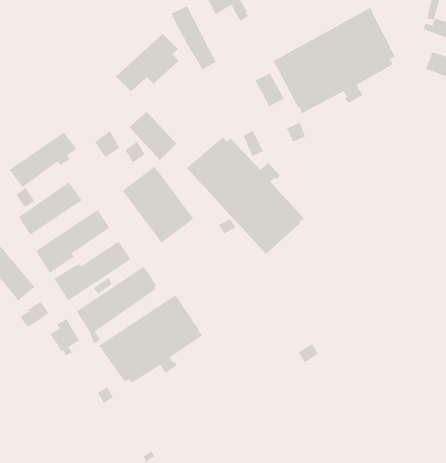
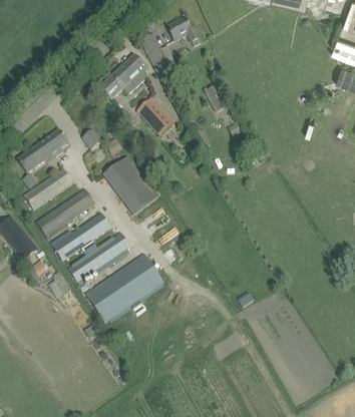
building: [273,7,395,114] -> none
building: [128,111,177,161] -> [136,98,173,136]
building: [186,136,305,255] -> none

